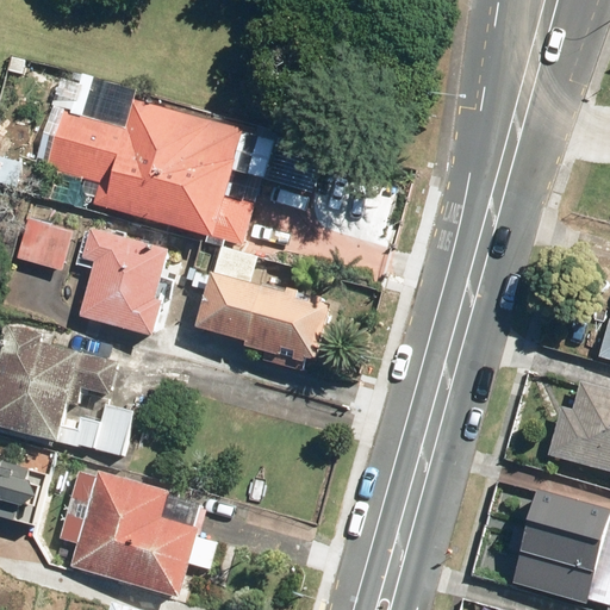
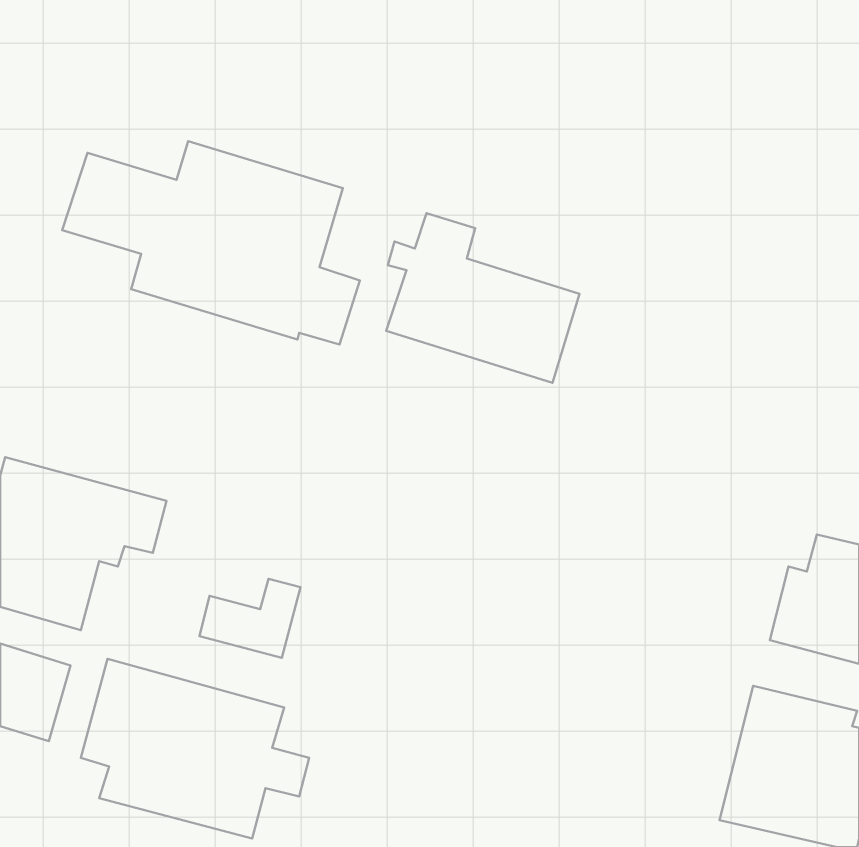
building: [29,210,168,337] -> none
building: [193,245,330,366] -> [386,213,580,383]
building: [62,400,133,456] -> [200,579,300,658]

